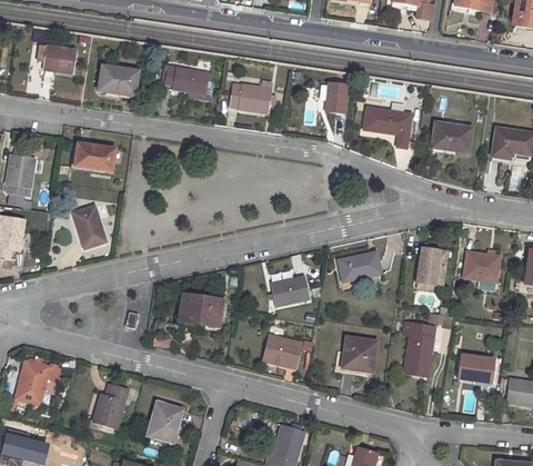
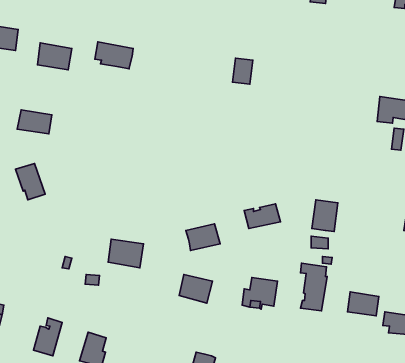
building: [229,80,272,112] -> none
building: [363,107,411,147] -> none
building: [431,121,472,151] -> none
building: [463,251,500,281] -> none

